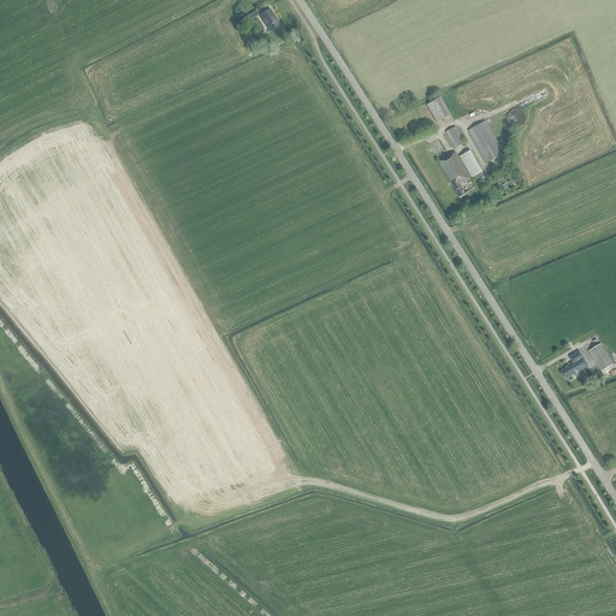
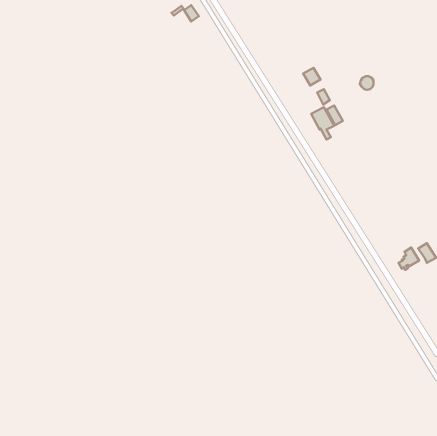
building: [467,119,502,160] -> none

